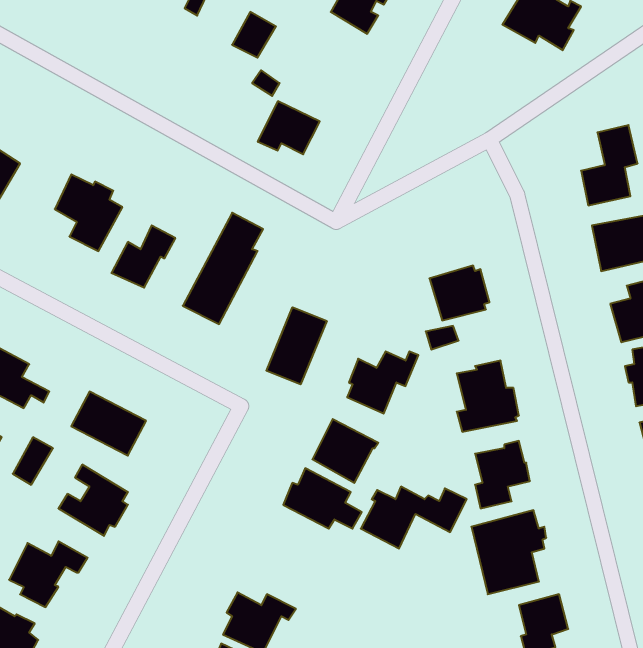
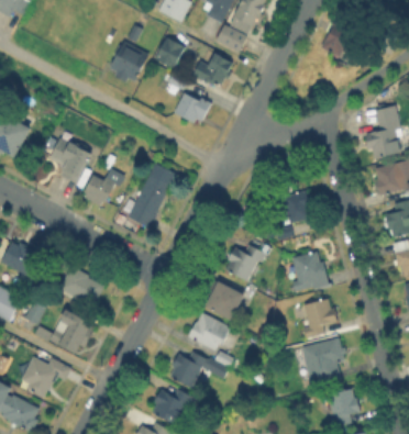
building: none -> [109,41,148,81]
building: none -> [194,53,234,85]
building: [266,307,327,384] -> none
building: [361,487,467,549] -> [169,350,233,388]

